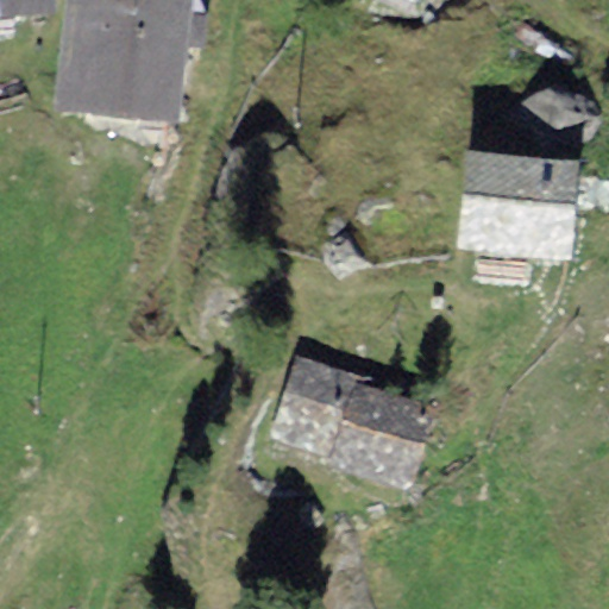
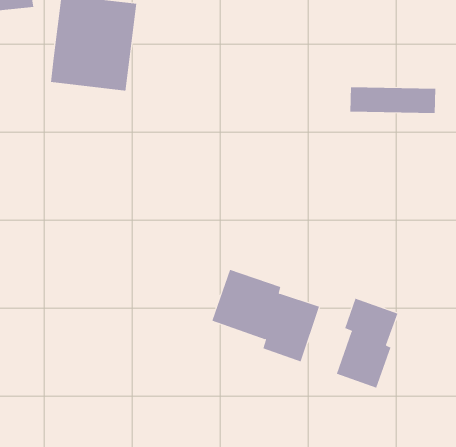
building: [465,164,567,246] -> none
building: none -> [336,298,398,389]

